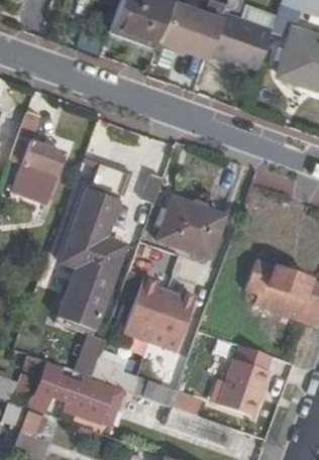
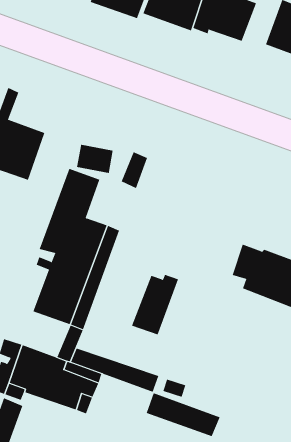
building: [160,197,227,257] -> none
building: [123,277,169,341] -> none
building: [219,360,271,418] -> none

